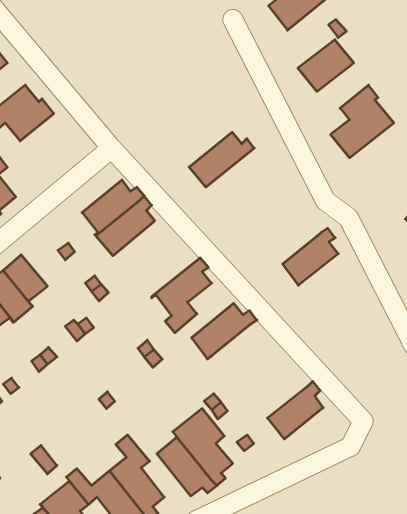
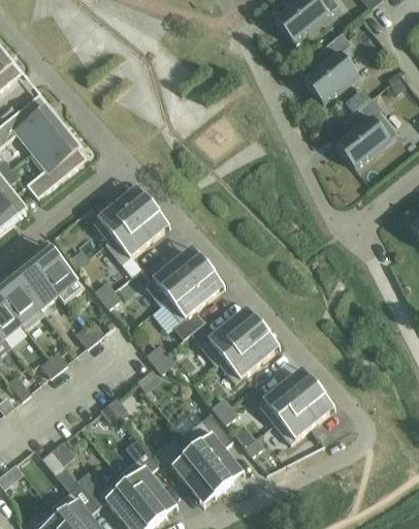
building: none -> [26,124,86,197]
building: [189,132,254,187] -> [143,250,207,304]
building: [283,228,338,285] -> [219,326,273,382]
building: none -> [32,247,84,302]
building: none -> [257,371,318,423]

